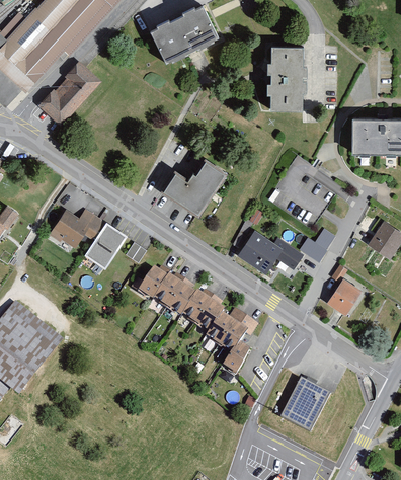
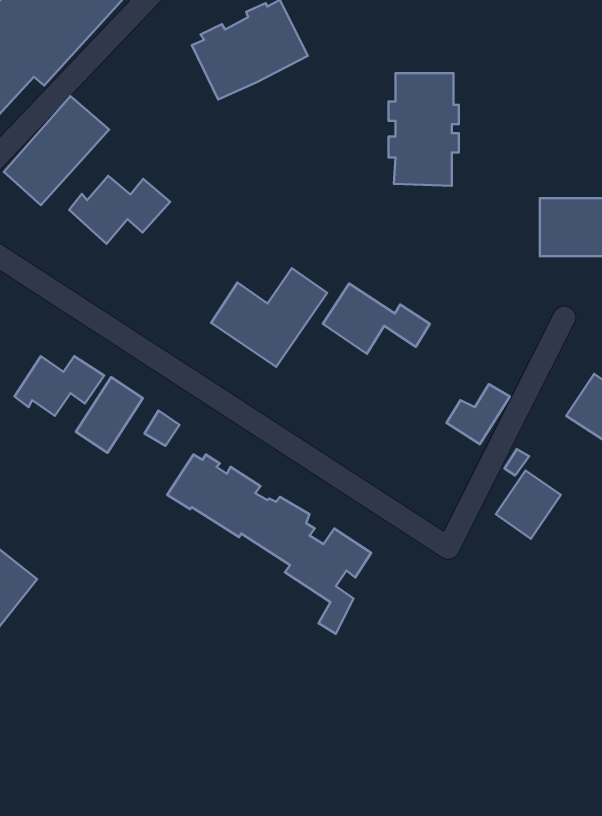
building: none -> [69,176,170,244]
building: [238,230,300,270] -> [323,284,430,354]
building: [280,379,327,429] -> none

